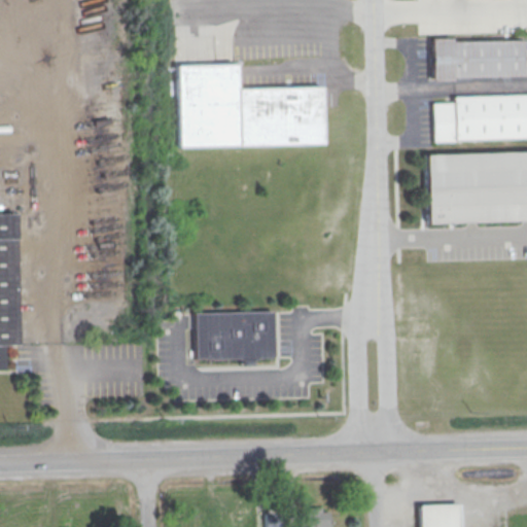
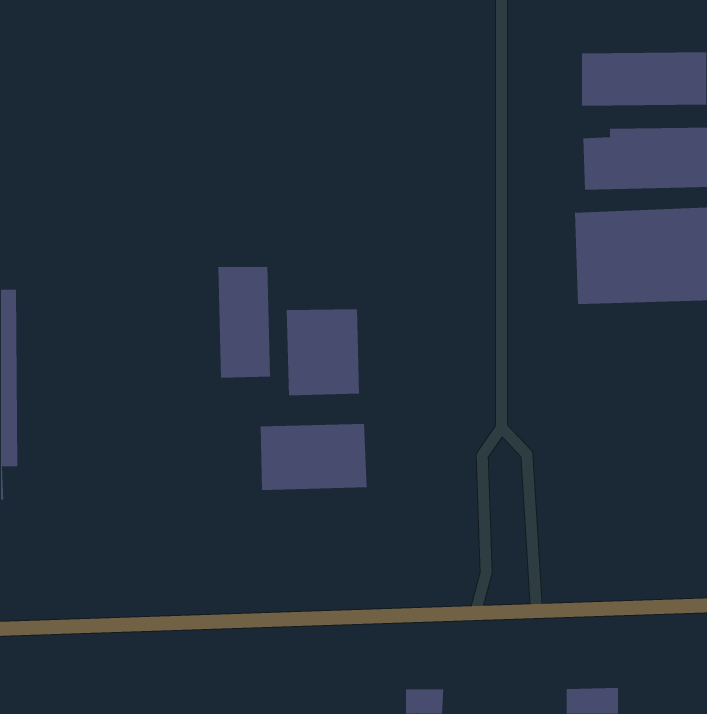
building: [178,65,325,149] -> none
building: none -> [218,266,271,379]
building: none -> [286,308,360,396]

